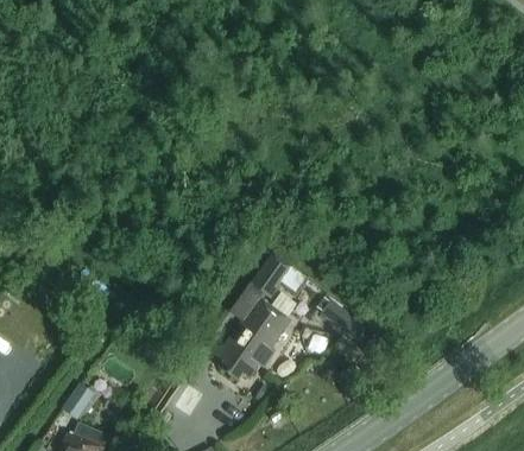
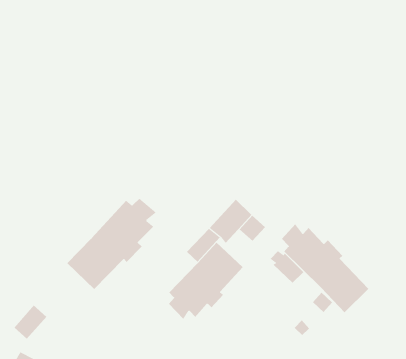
building: none -> [66,198,157,290]
building: none -> [281,223,369,313]

